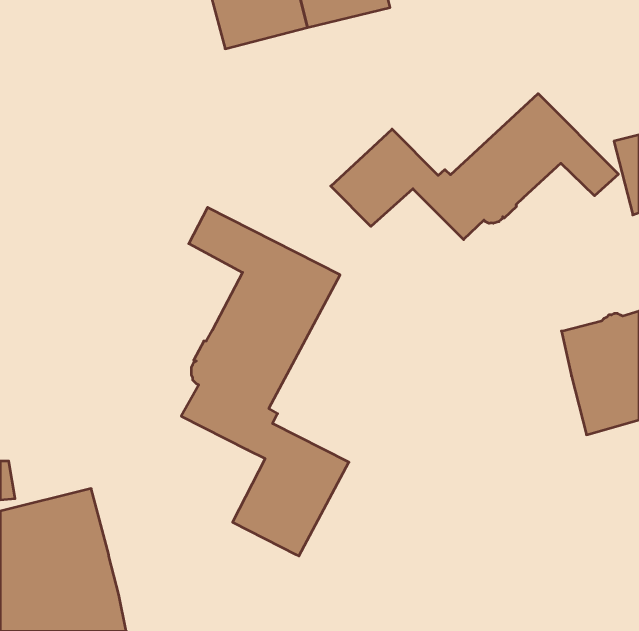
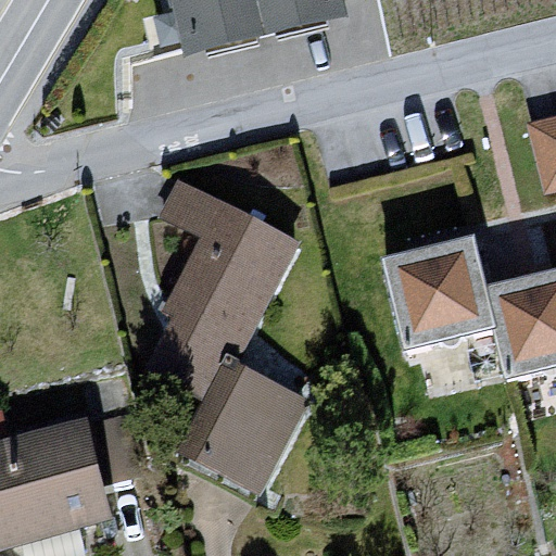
building: [331,94,618,240] -> none
building: none -> [387,237,496,349]

